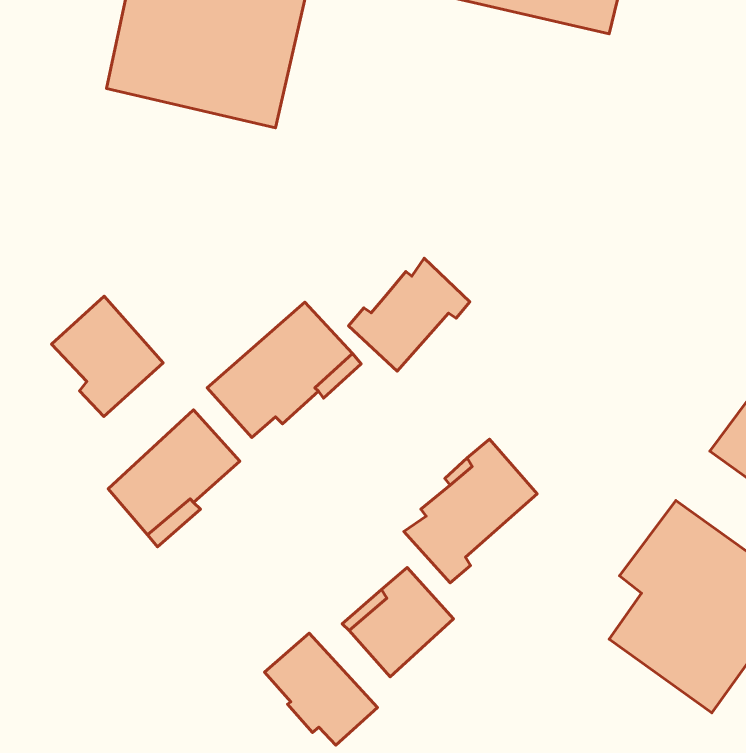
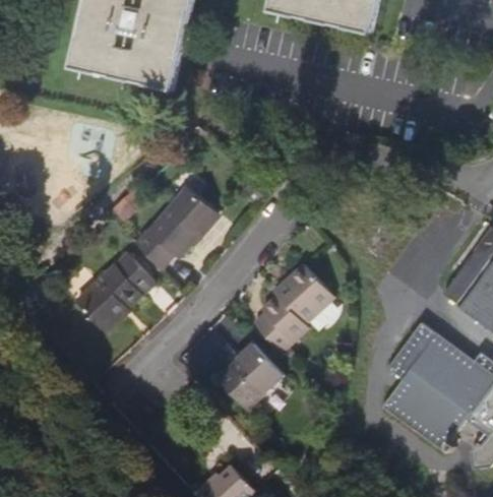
building: [348,258,470,371] -> none
building: [51,296,163,416] -> none
building: [265,633,378,745] -> none

